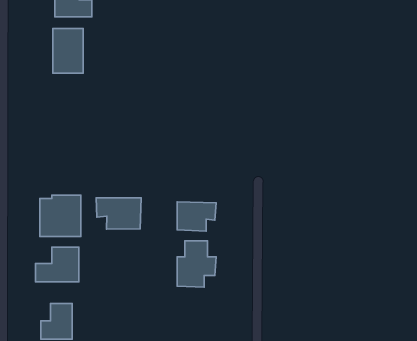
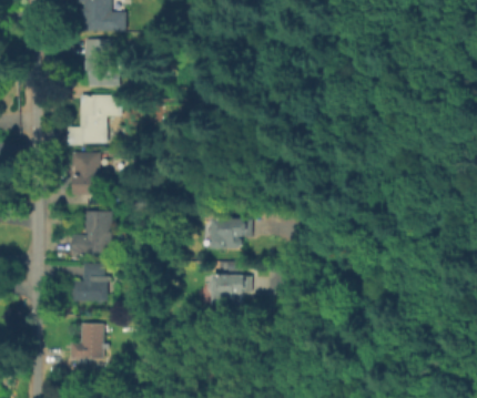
building: none -> [68,95,122,143]
building: none -> [72,154,99,193]
building: [96,198,141,229] -> none

